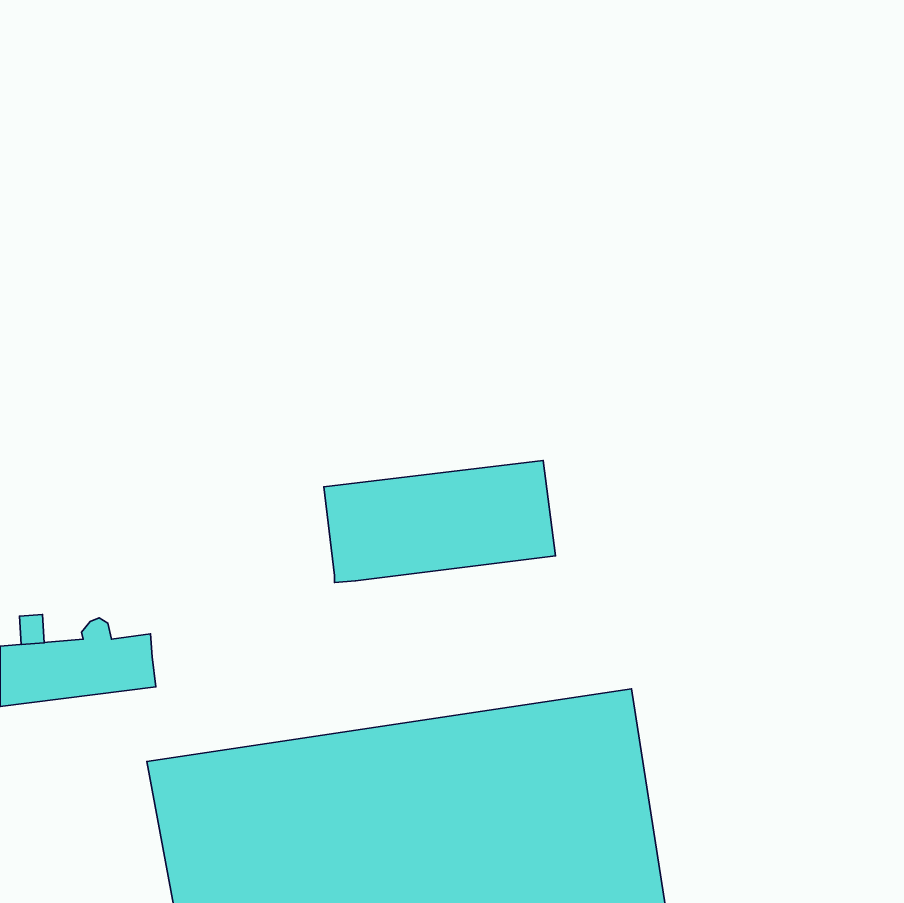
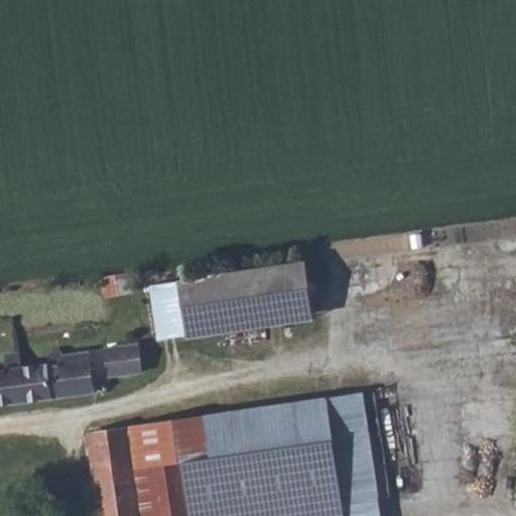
building: none -> [159,278,190,332]
building: none -> [102,348,137,378]

